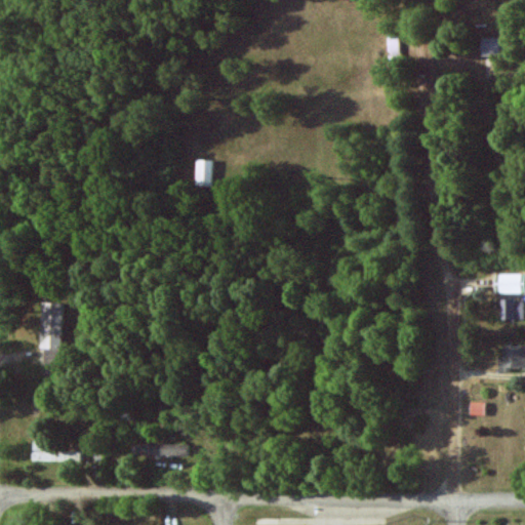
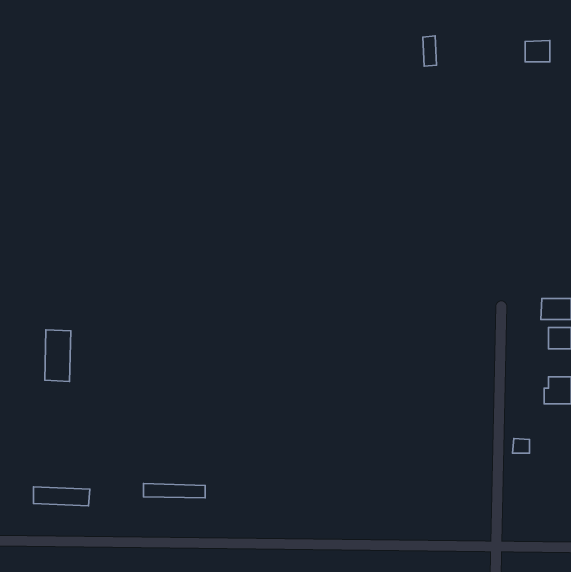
building: [196,160,213,187] -> none

